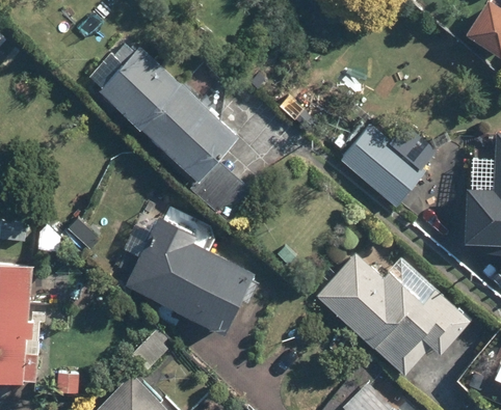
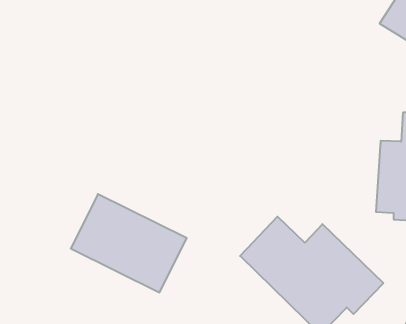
building: [96,47,245,185] -> none
building: [327,113,428,211] -> none

